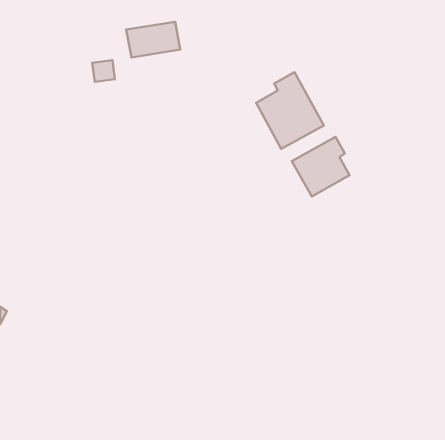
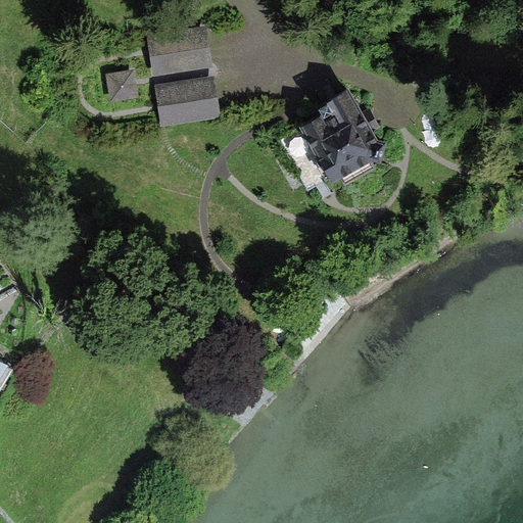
building: none -> [156,82,219,124]
building: [292,137,349,197] -> none

